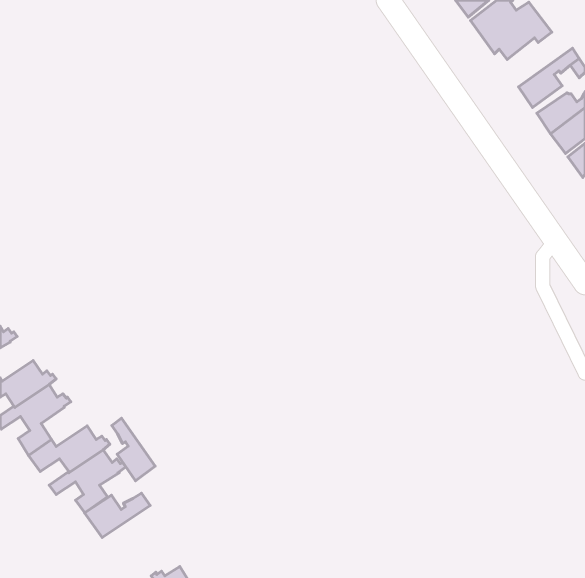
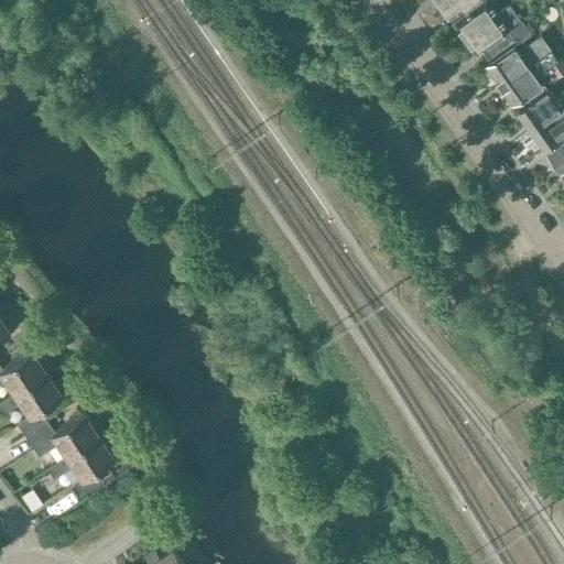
building: none -> [485,40,551,90]
building: [112,418,155,481] -> none
building: [85,493,150,538] -> none

